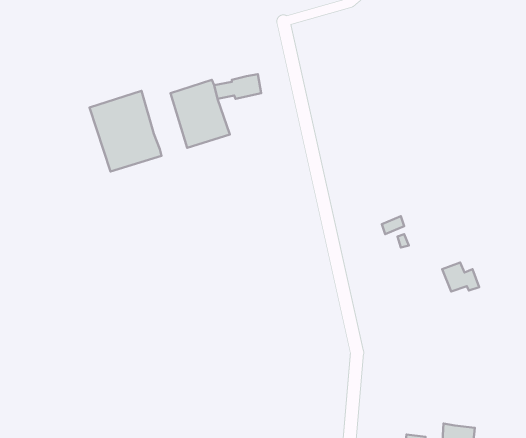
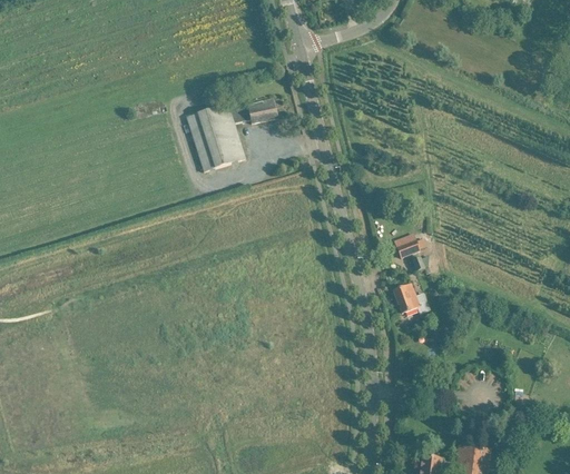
building: [89,91,161,172] -> none
building: [442,263,479,292] -> [393,283,430,312]

